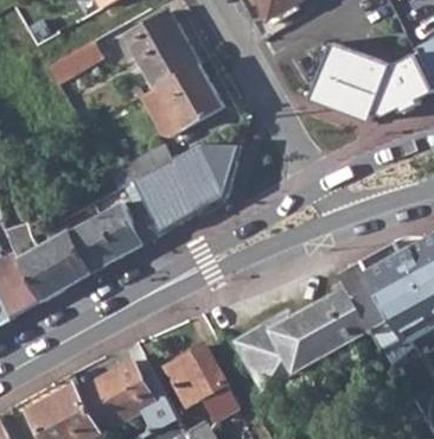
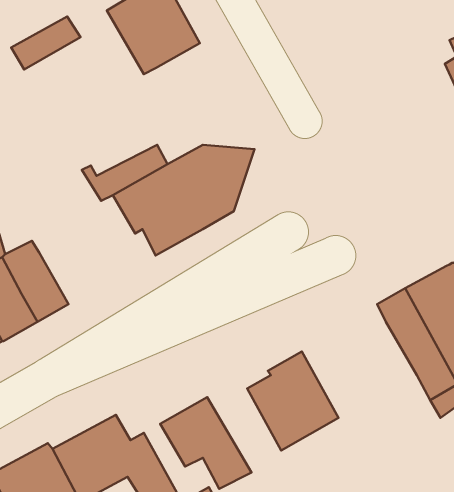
building: [308,46,394,121] -> none
building: [140,63,223,138] -> none
building: [68,202,161,273] -> none
building: [279,287,371,364] -> none

